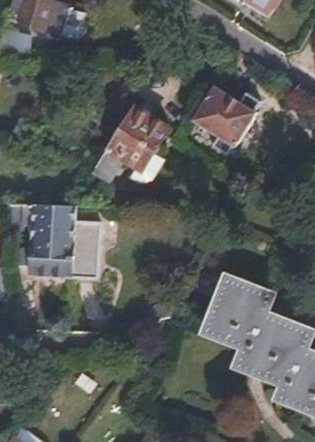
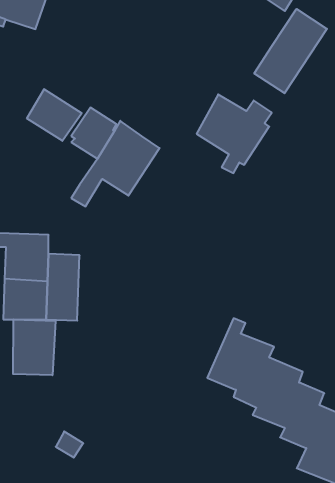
building: none -> [254,9,327,93]
building: none -> [27,89,82,141]
building: none -> [13,319,55,375]

